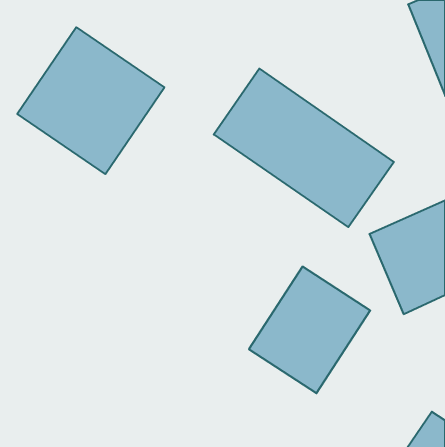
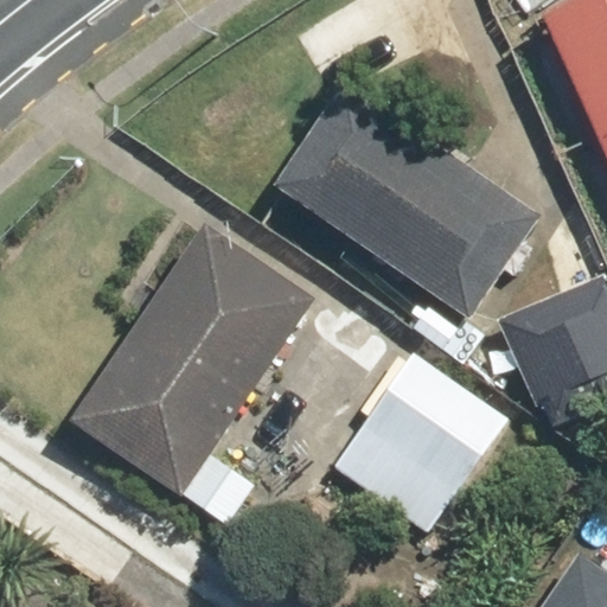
building: [17,27,164,174] -> none
building: none -> [79,228,312,488]

